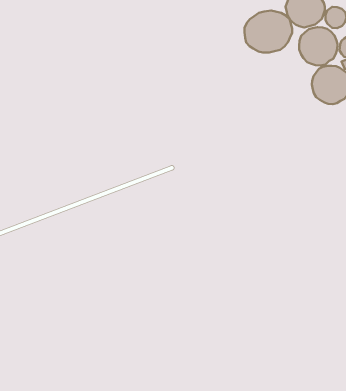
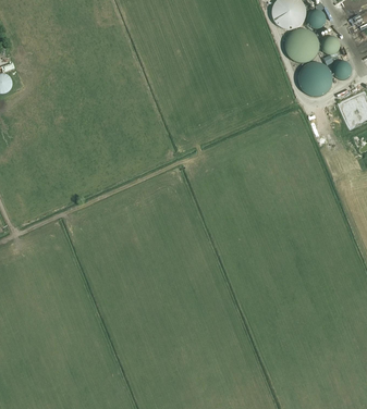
building: [244,10,292,53] -> none

